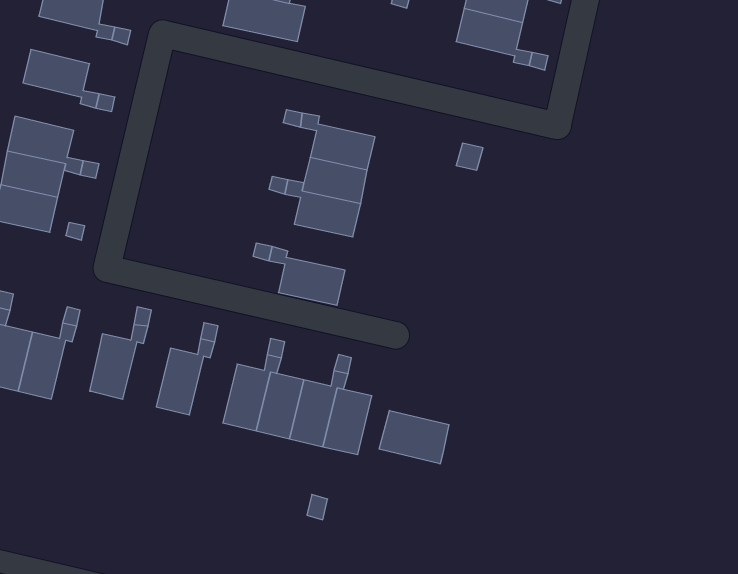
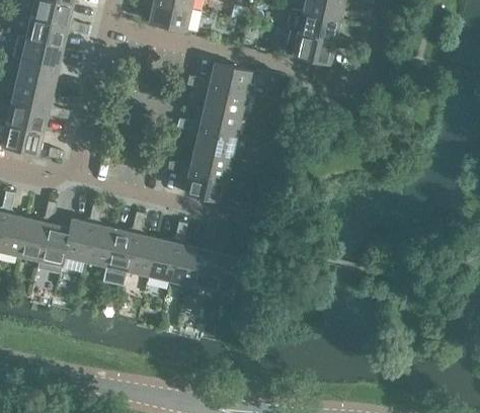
building: none -> [25,17,68,48]
building: none -> [292,33,334,65]
building: none -> [15,60,58,90]
building: none -> [209,64,250,94]
building: none -> [188,150,231,179]
building: none -> [38,224,69,266]
building: none -> [84,225,114,266]
building: none -> [127,234,157,276]
building: [379,410,449,464] -> none

